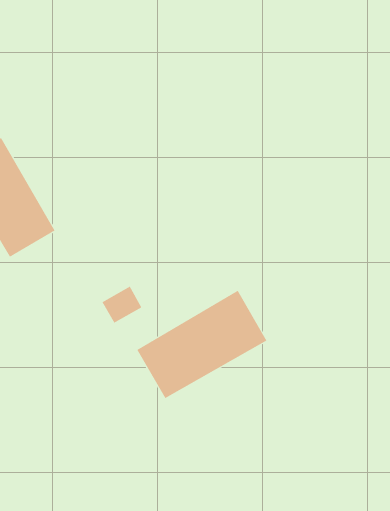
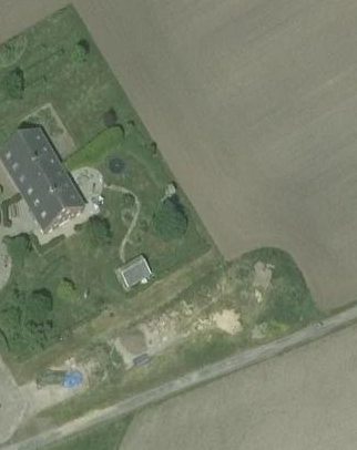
building: [137,290,267,399] -> none

